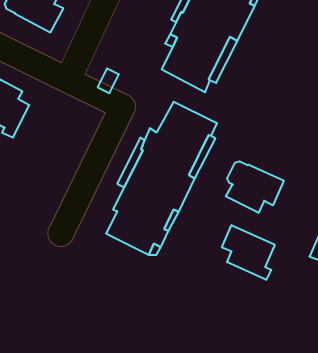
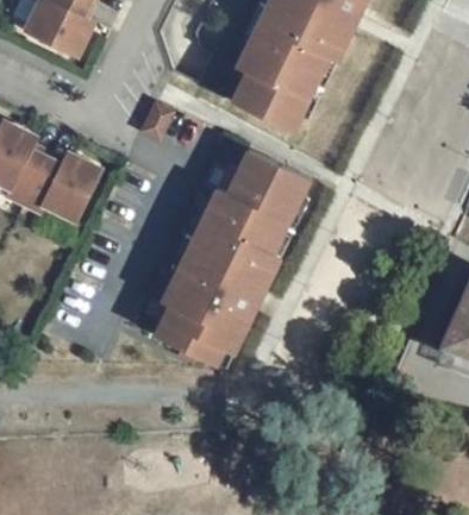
building: none -> [24,152,102,219]
building: [226,161,284,213] -> none
building: [222,225,275,280] -> none

